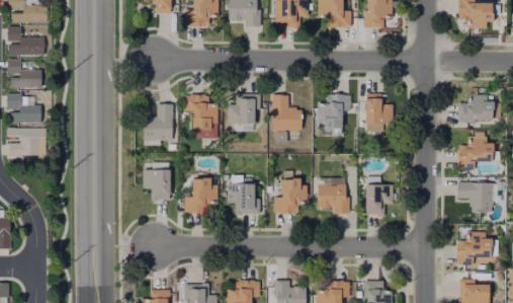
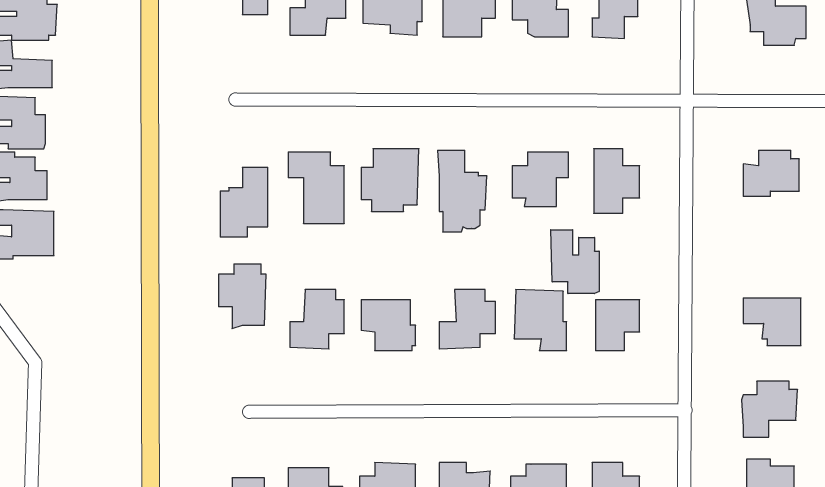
building: [455,136,497,169] -> none
building: none -> [551,230,599,294]

